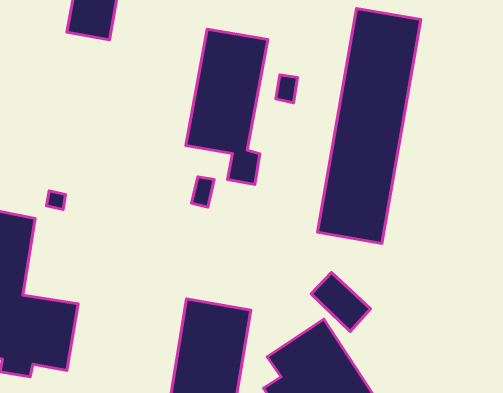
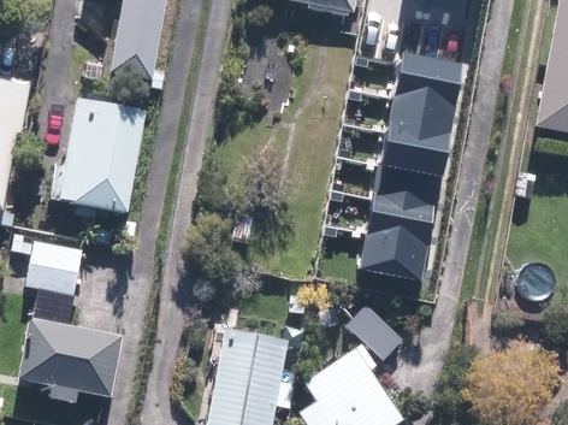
building: [186,29,268,184] -> none
building: none -> [61,102,148,214]

